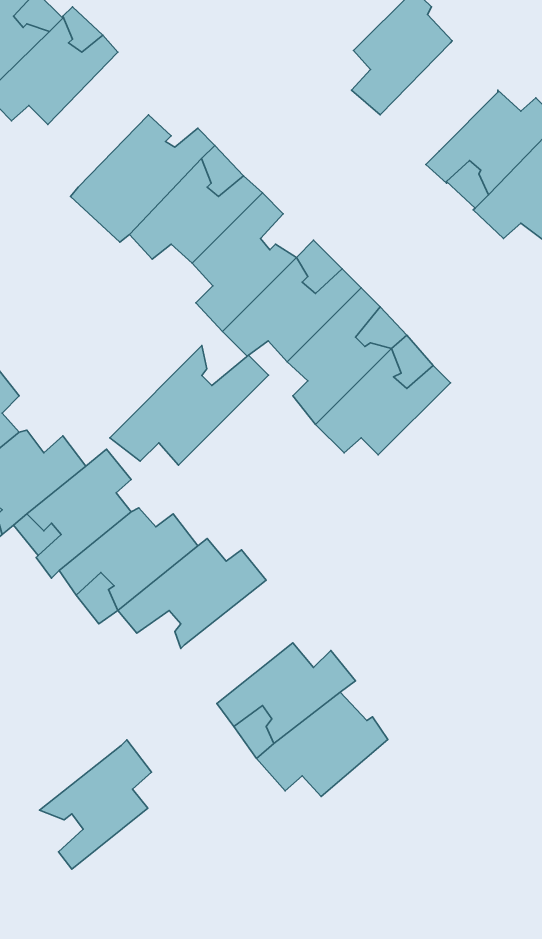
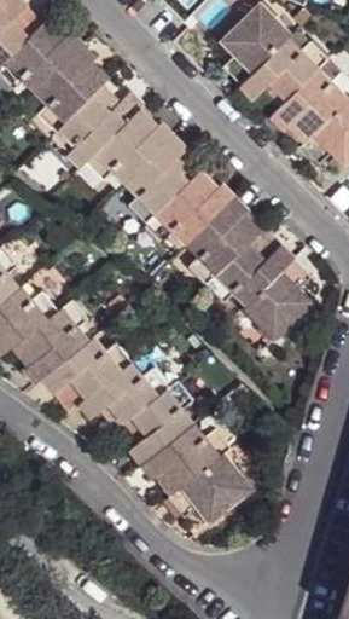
building: none -> [244,39,327,108]
building: none -> [33,45,101,131]
building: [110,346,268,465] -> none
building: none -> [239,255,307,339]
building: [39,740,151,869] -> [120,377,191,459]

